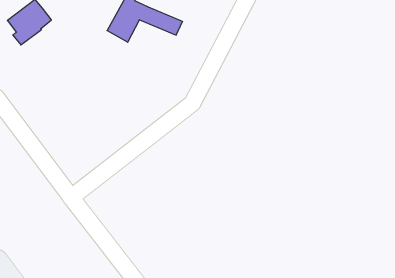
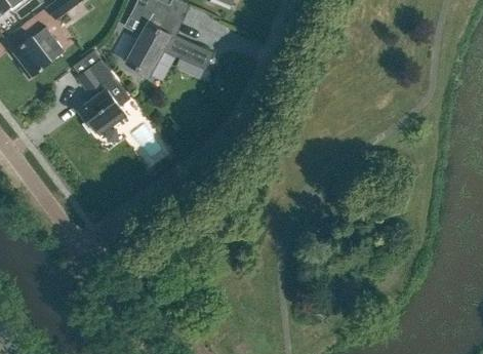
building: none -> [77,62,125,133]

